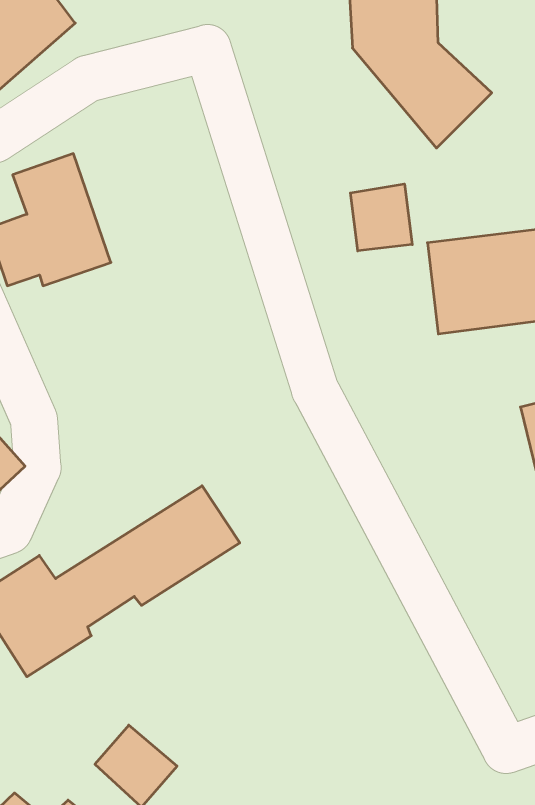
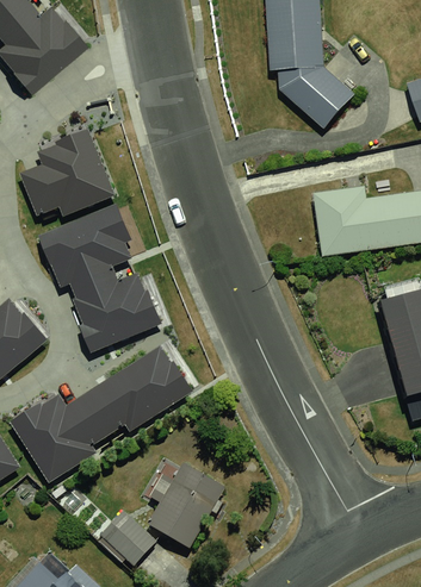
building: [350,184,412,251] -> none
building: none -> [35,211,147,351]
building: none -> [146,460,228,547]

